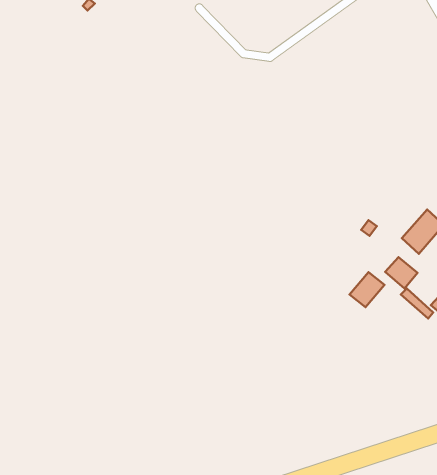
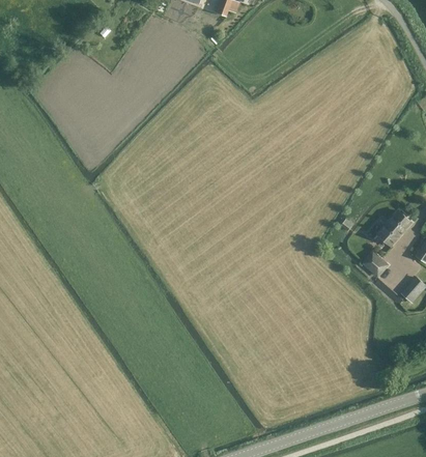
building: [350,272,384,307] -> none

